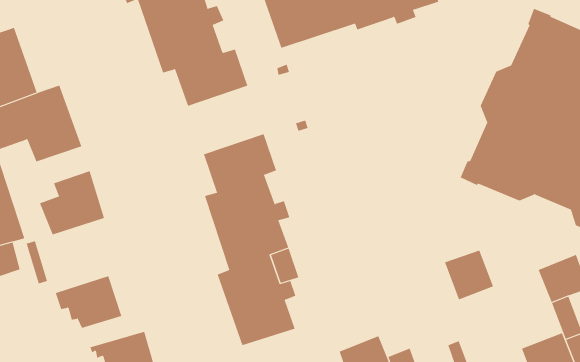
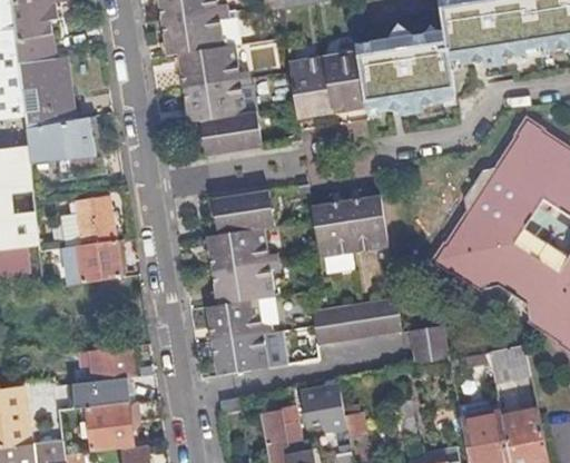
building: none -> [311,195,387,274]
building: none -> [311,297,401,344]
building: [55,276,122,328] -> [65,239,120,282]

